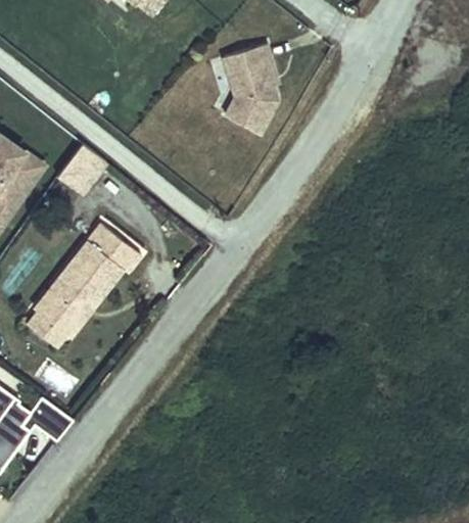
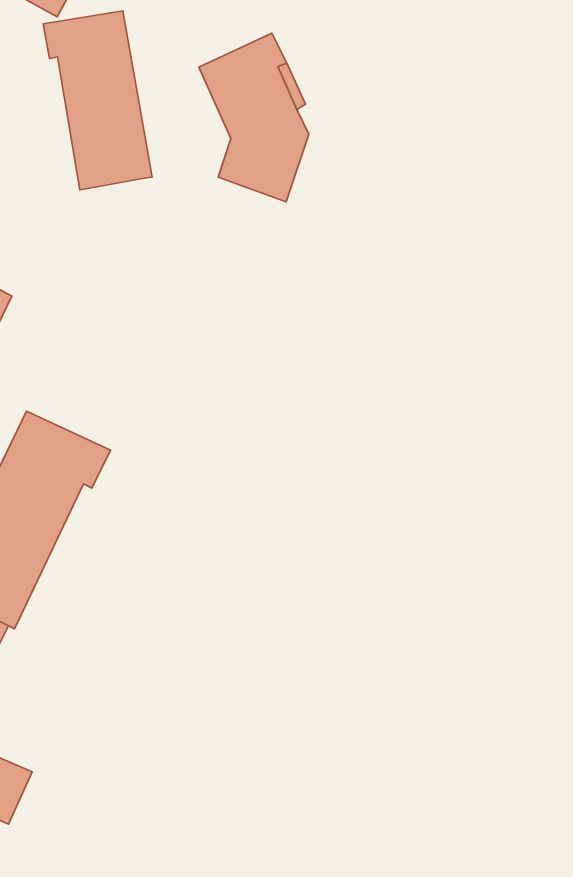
building: none -> [43,11,152,190]

